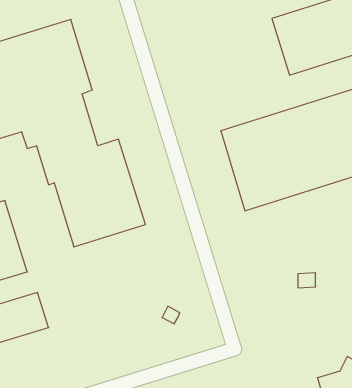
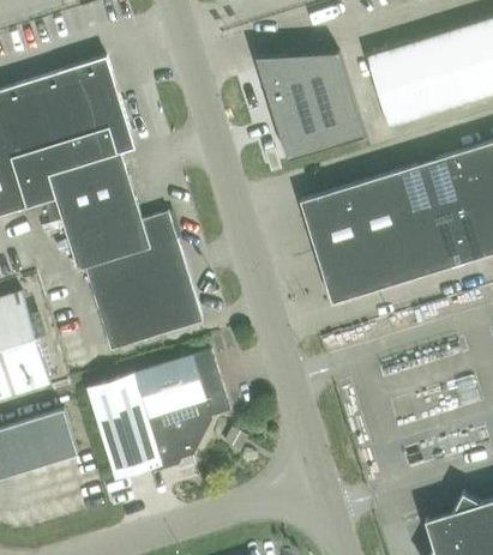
building: none -> [255,52,365,161]
building: none -> [88,350,230,479]

